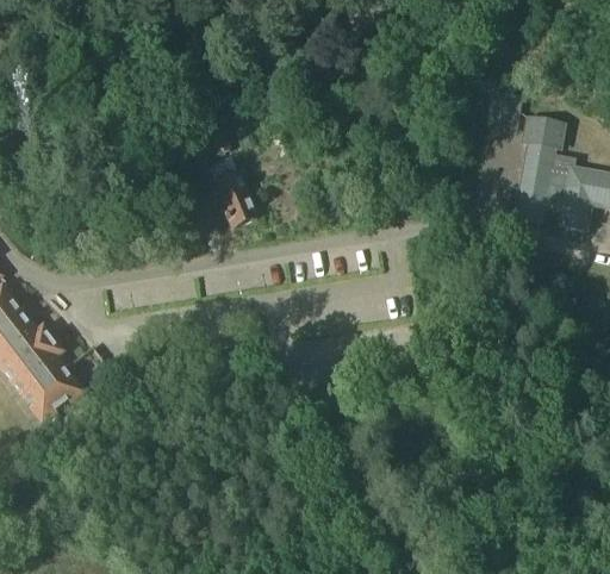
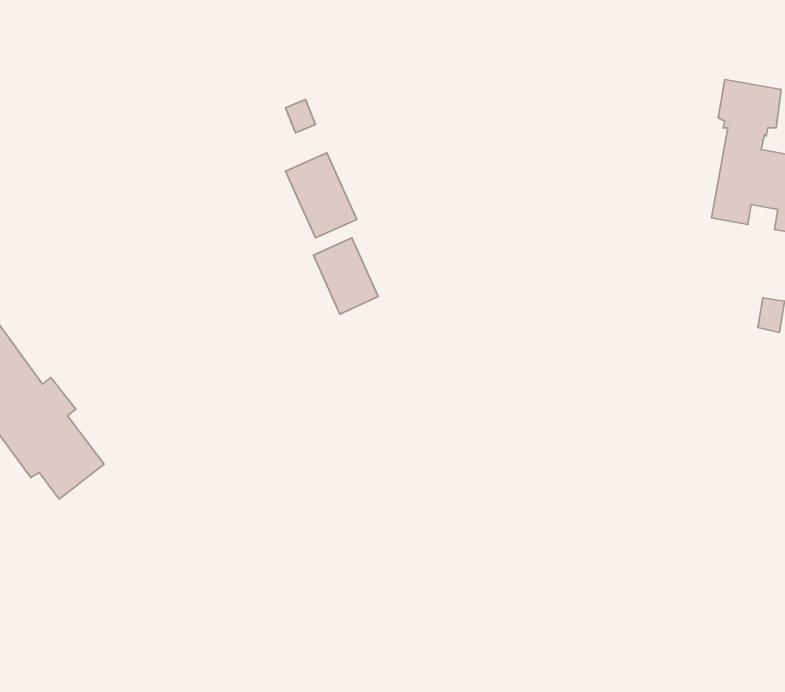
building: none -> [313,238,378,314]

